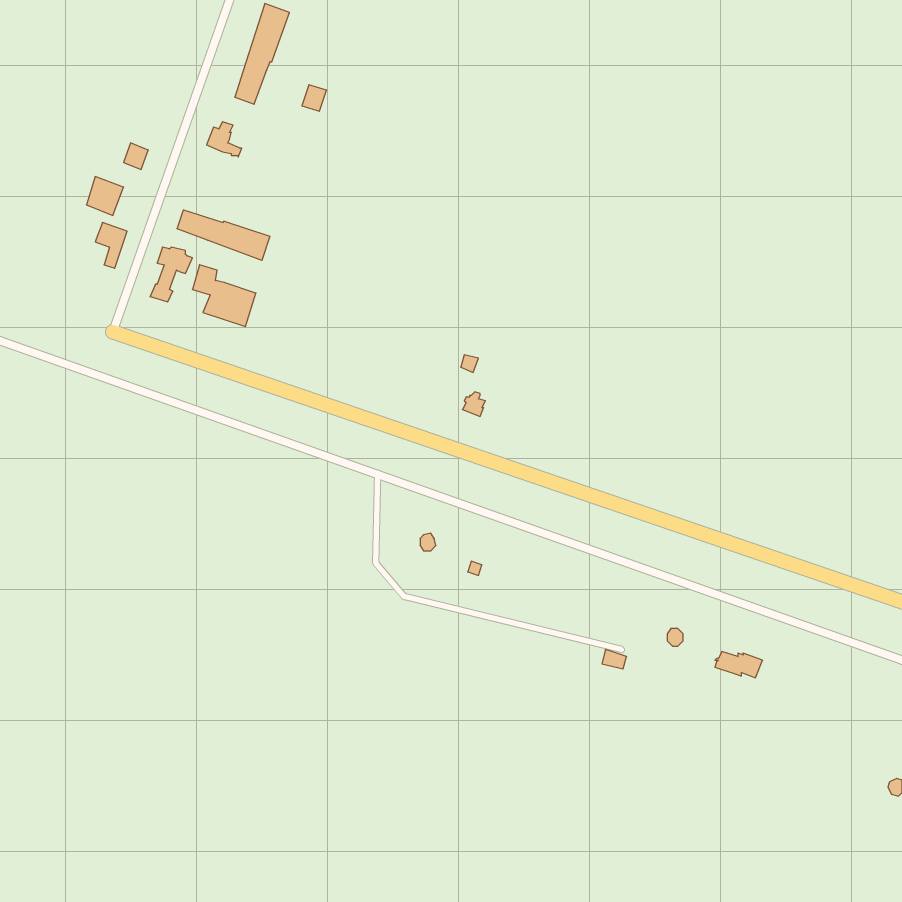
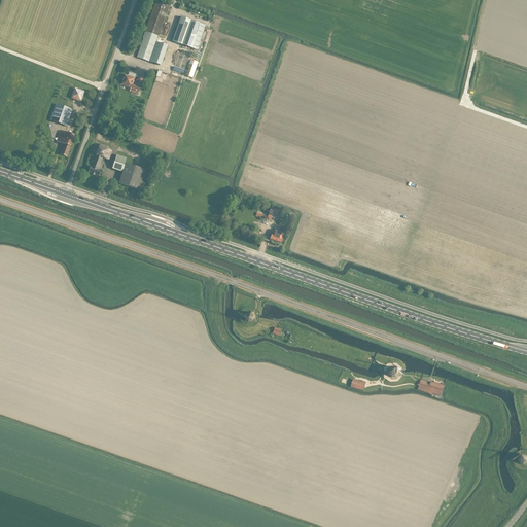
building: none -> [172,16,201,47]
building: [177,210,270,260] -> none

